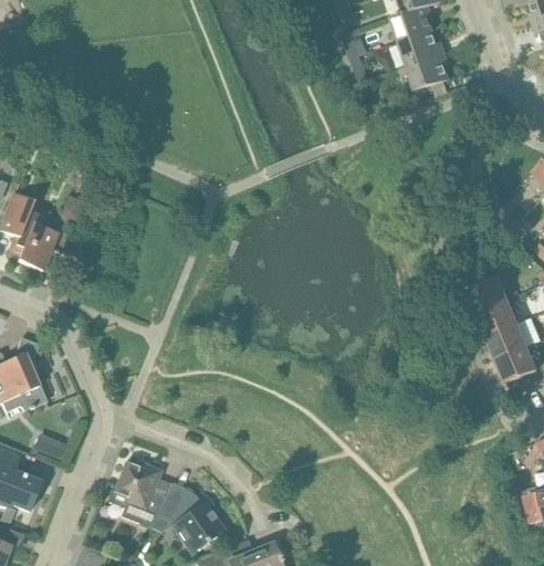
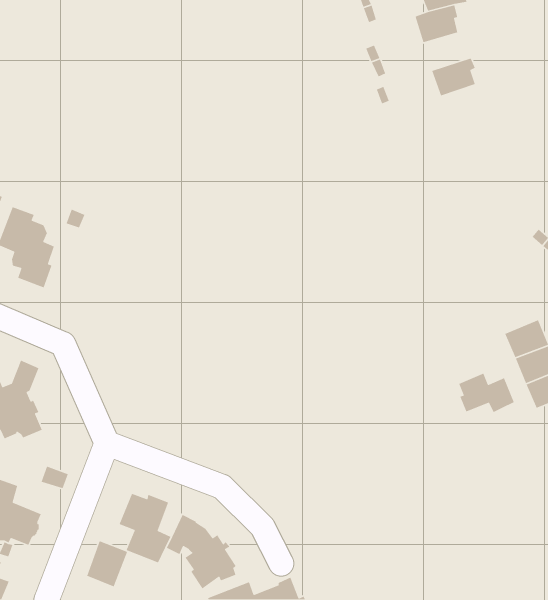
building: [399,31,444,66] -> none
building: [467,276,508,313] -> none
building: none -> [458,373,515,413]
building: none -> [86,540,128,588]

